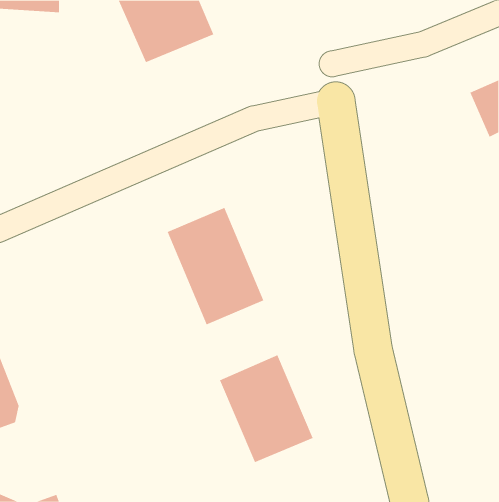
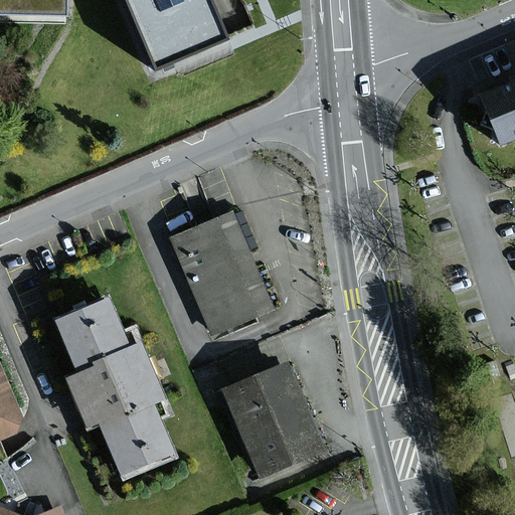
building: none -> [59,301,171,472]

